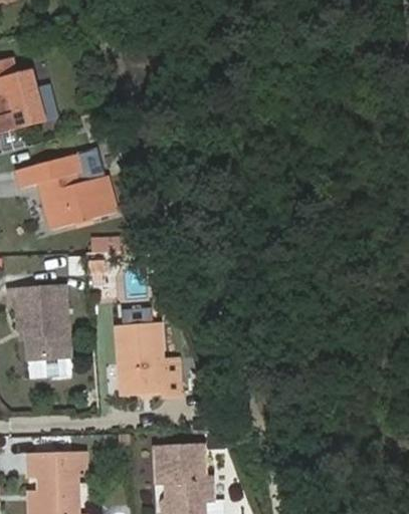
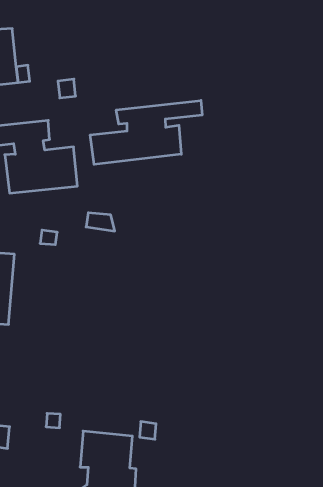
building: none -> [90,100,202,164]
building: [116,324,180,396] -> none

